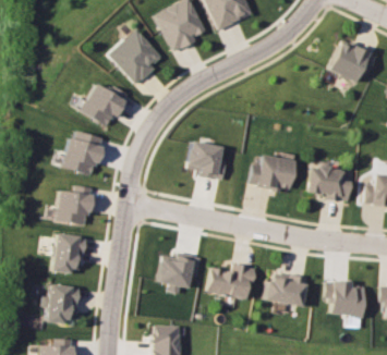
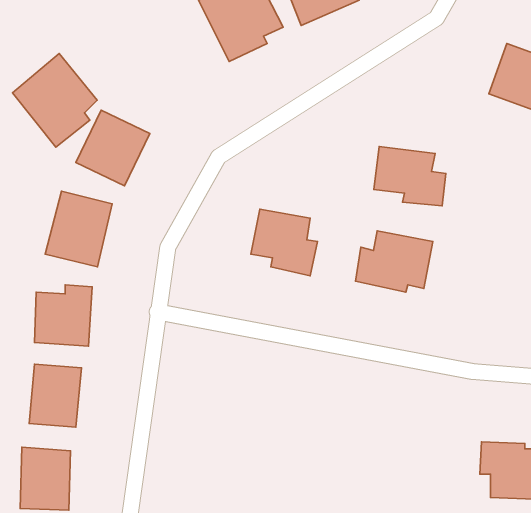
building: [109,28,160,85] -> [12,53,97,147]
building: [307,166,351,201] -> [374,146,446,206]
building: [157,252,202,293] -> none
building: [207,262,254,299] -> none
building: [264,272,306,307] -> none

